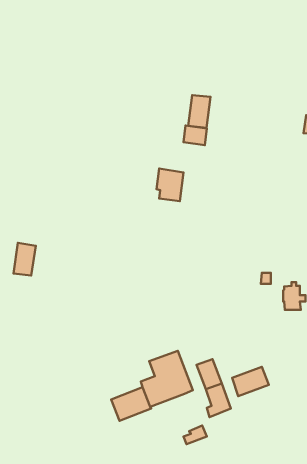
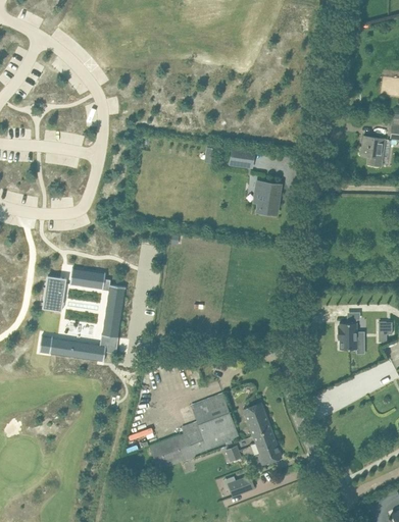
building: [188,95,210,128] -> none
building: [156,169,183,201] -> [252,179,282,215]
building: none -> [39,267,126,362]
building: [232,367,269,396] -> none

